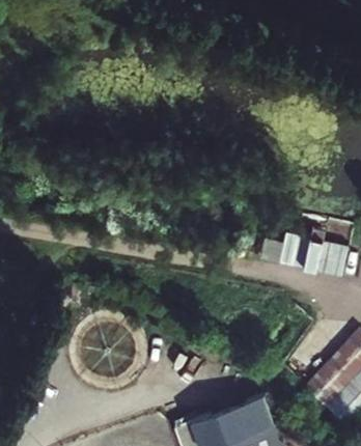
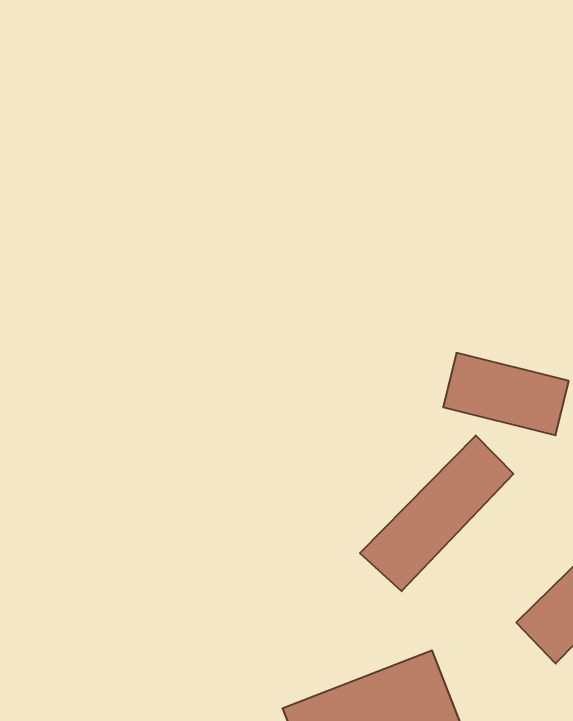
building: none -> [360,435,513,591]

